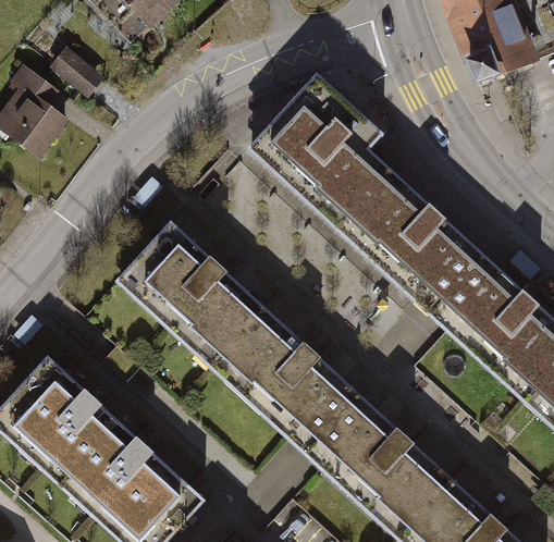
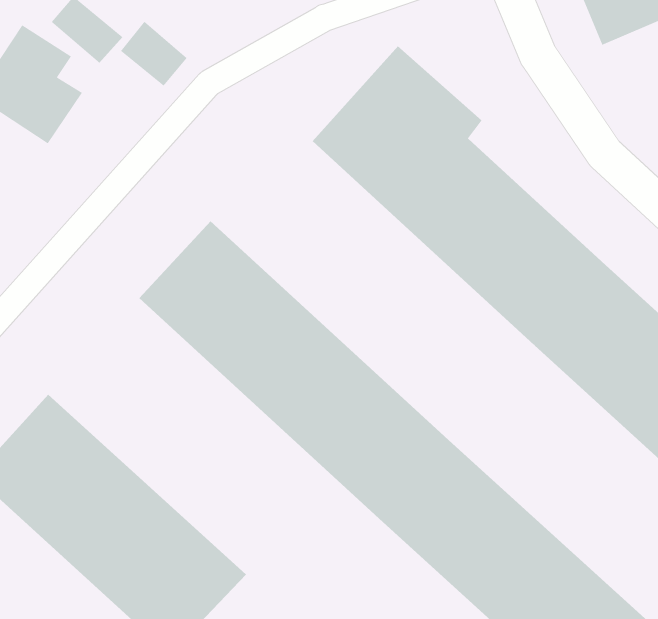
building: none -> [120,21,188,87]

